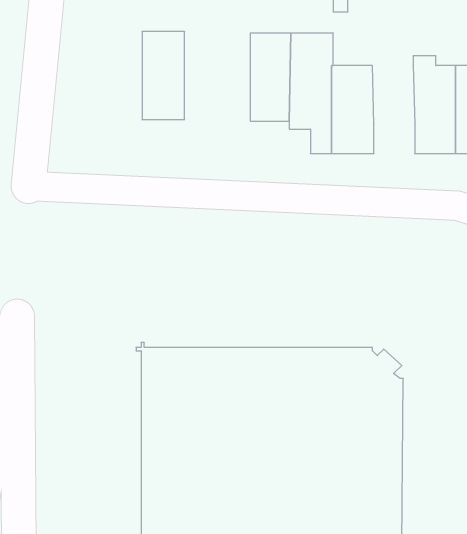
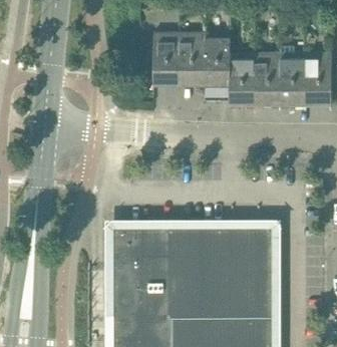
building: [142,32,185,120] -> [153,32,180,86]
building: none -> [255,52,281,106]

